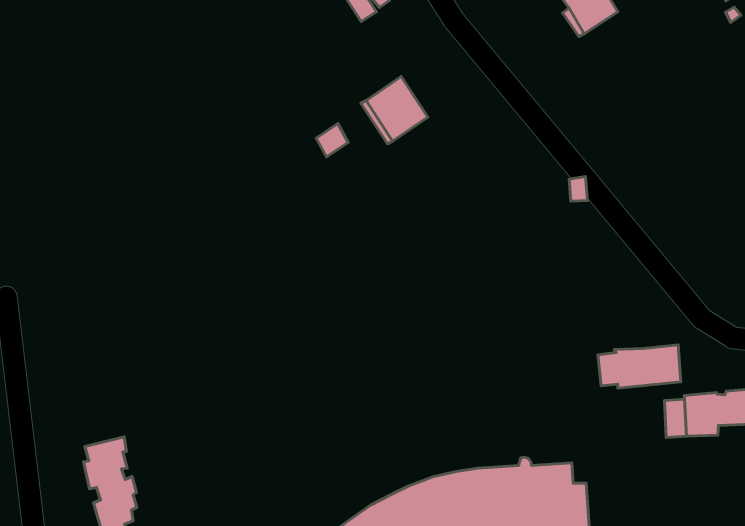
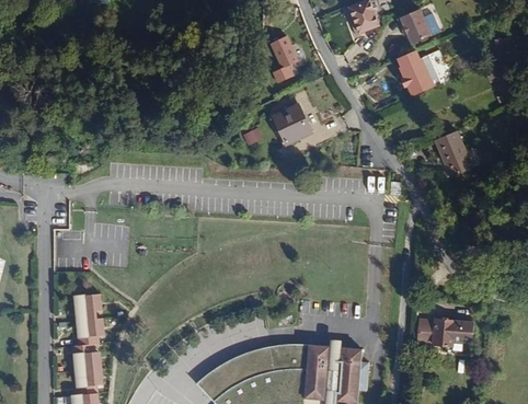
building: none -> [432,130,469,175]
building: [598,345,681,388] -> none

